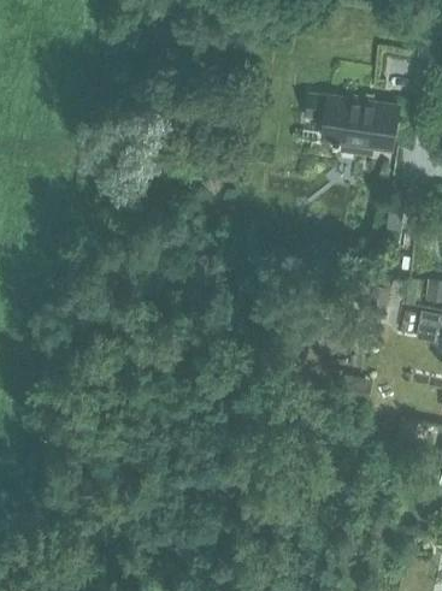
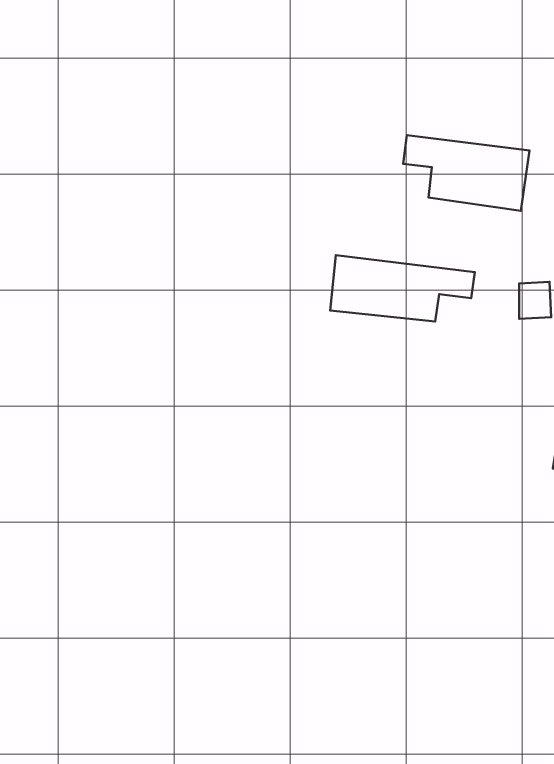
building: none -> [330,255,475,322]

